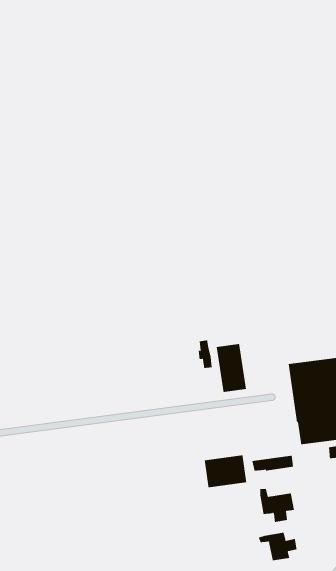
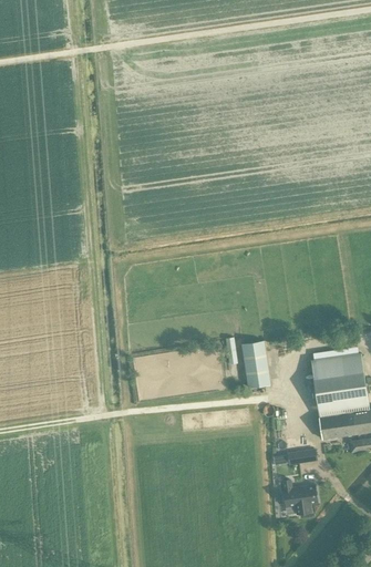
building: [204,455,247,488] -> none
building: [258,532,297,561] -> none

